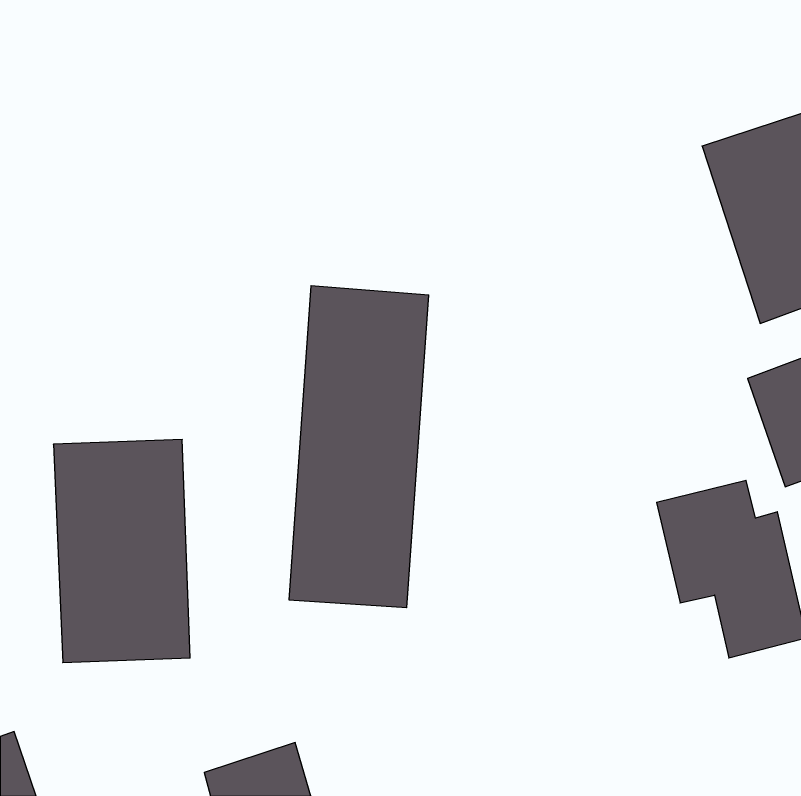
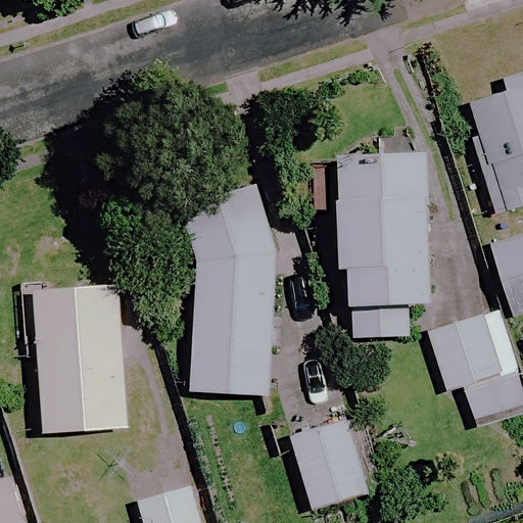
building: none -> [334,152,430,306]
building: none -> [289,419,372,511]

